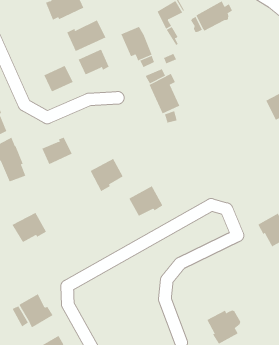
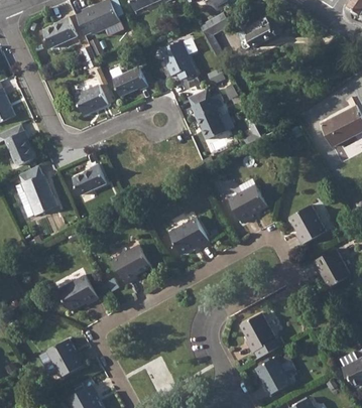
building: none -> [42,17,78,48]
building: [67,19,106,52] -> none
building: none -> [229,185,266,222]
building: [90,158,123,192] -> [113,246,150,283]
building: none -> [289,205,326,244]
building: [12,212,47,243] -> [58,276,98,310]
building: none -> [240,313,284,358]

